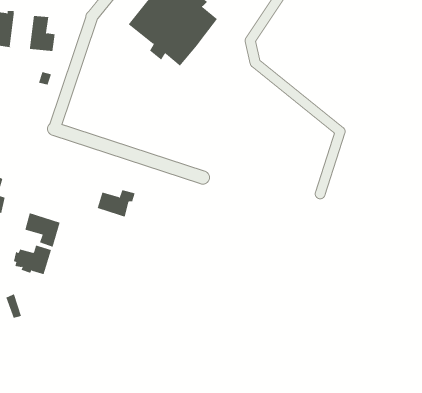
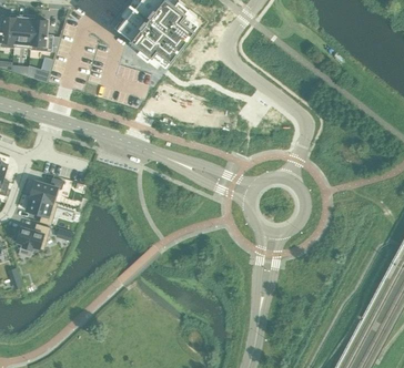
building: none -> [11,14,32,48]
building: [97,189,135,218] -> [28,177,62,203]

